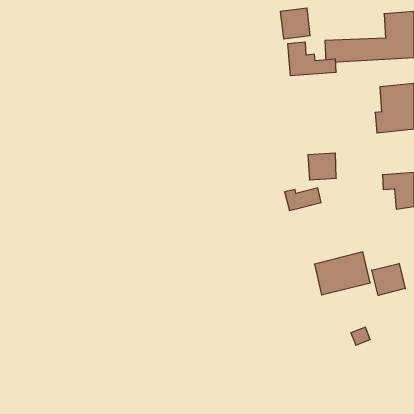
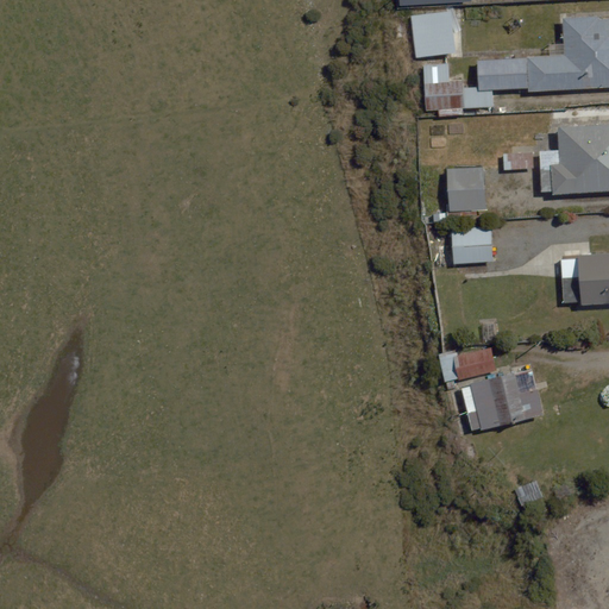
building: none -> [448,168,485,212]
building: [285,188,321,211] -> [441,347,495,381]
building: [372,263,405,295] -> none

